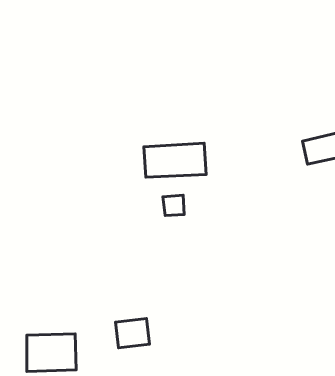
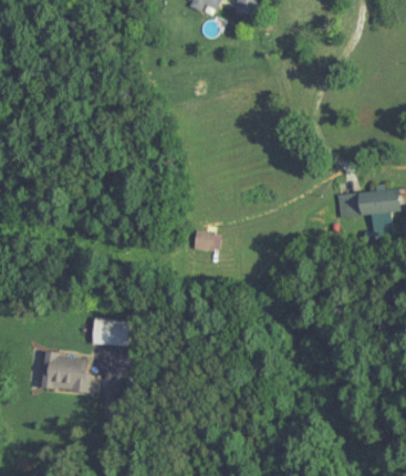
building: [144,143,206,177] -> none
building: [115,318,150,348] -> [93,318,124,343]

